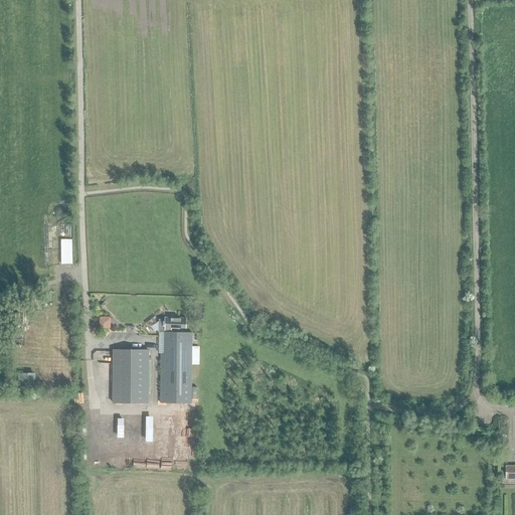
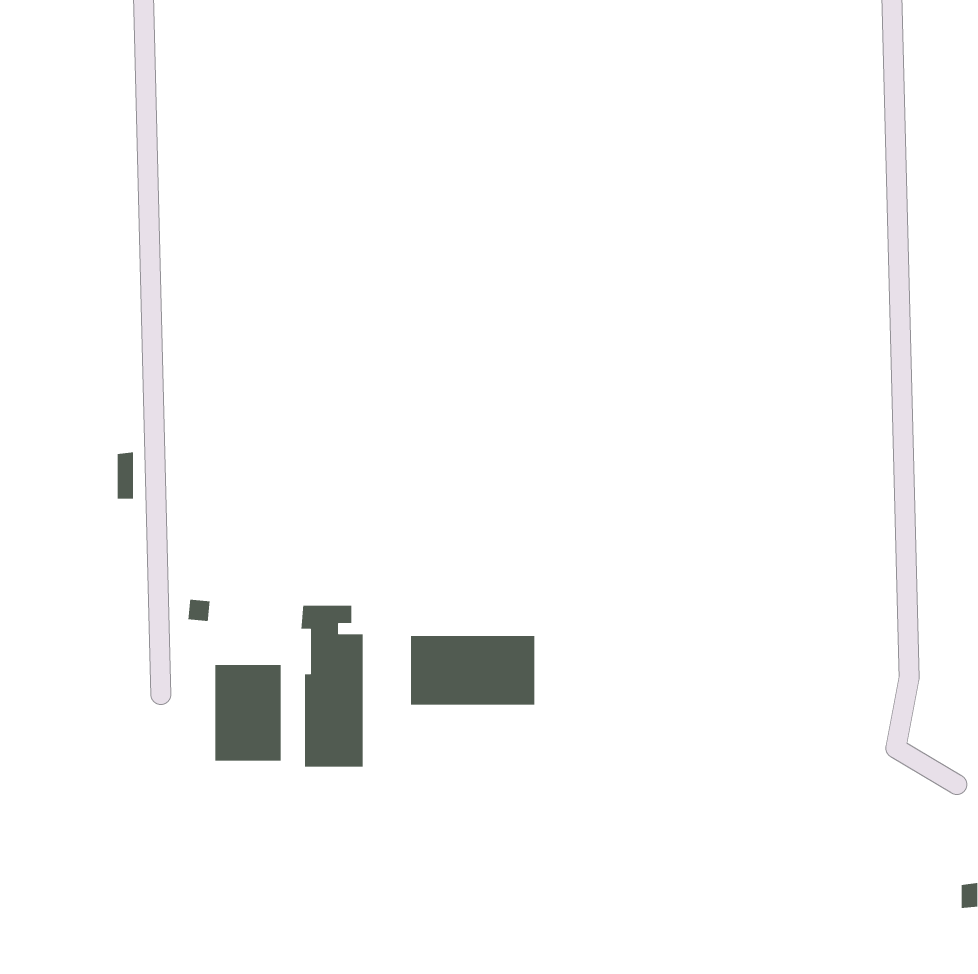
building: none -> [410,635,535,705]

